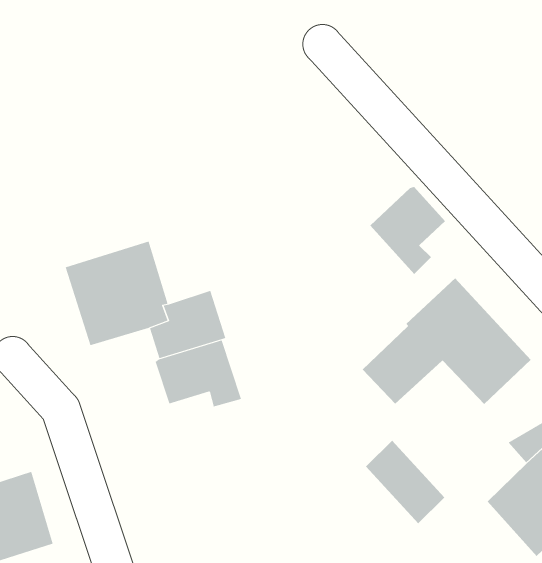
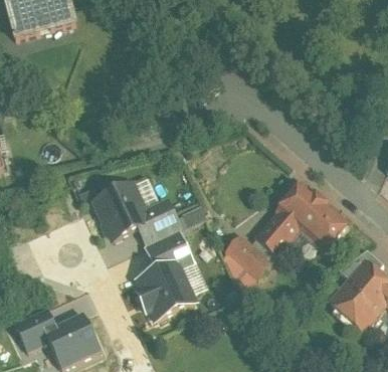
building: [369,186,446,275] -> none
building: none -> [133,259,194,323]
building: [365,440,445,524] -> [225,233,270,277]

